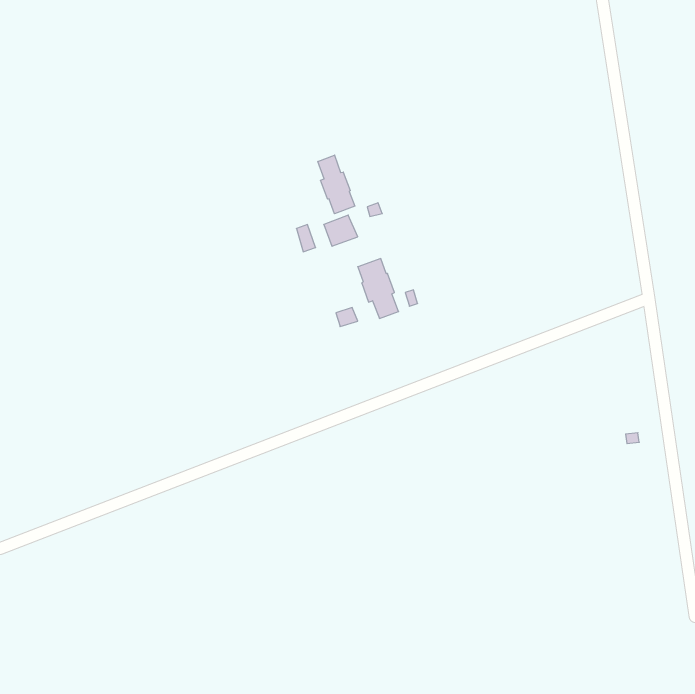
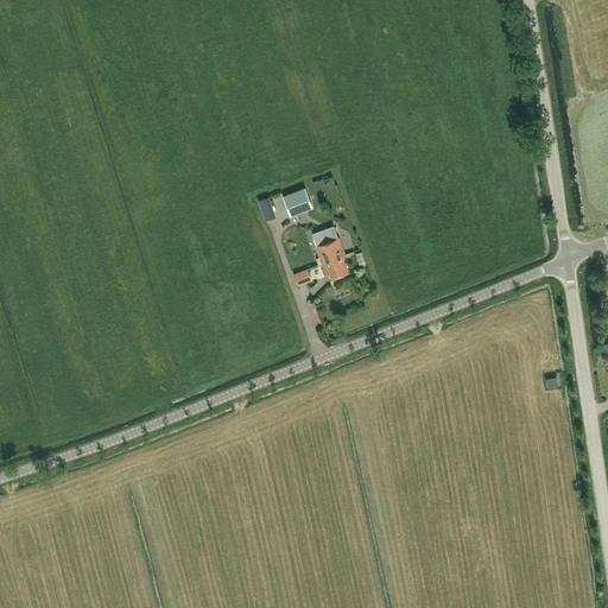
building: [318,155,355,214] -> none

